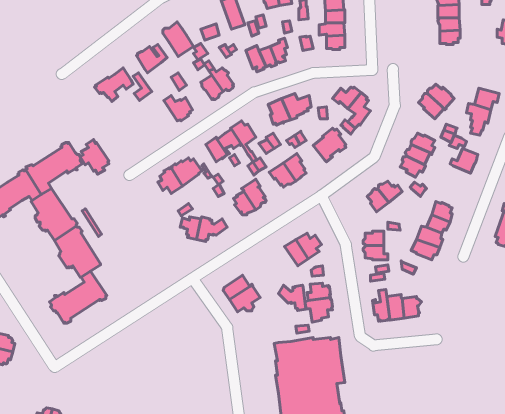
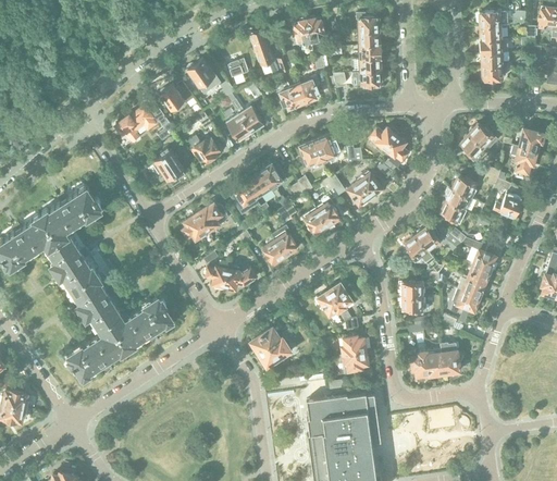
building: [80,139,109,174] -> [154,147,185,184]
building: none -> [111,297,174,349]
building: [278,285,306,311] -> none

